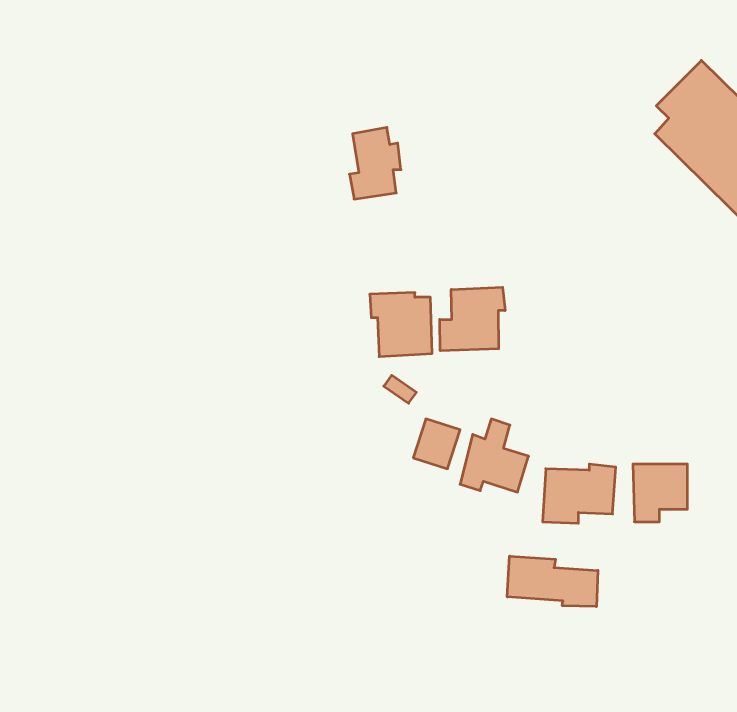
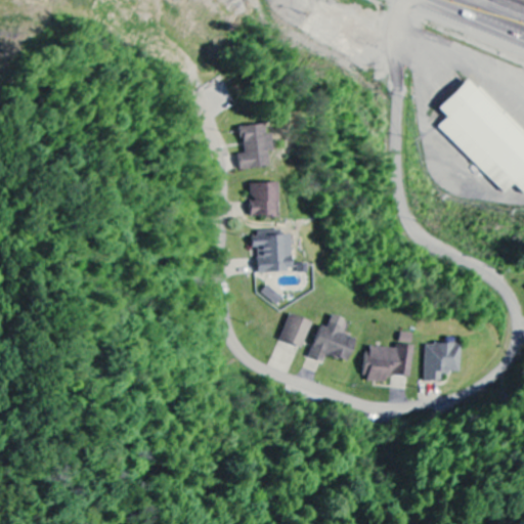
building: none -> [249,182,277,216]
building: [440,287,505,351] -> none
building: [507,556,598,607] -> none

